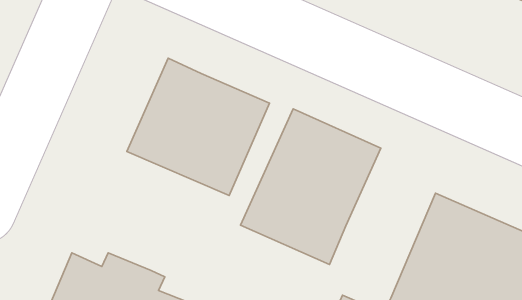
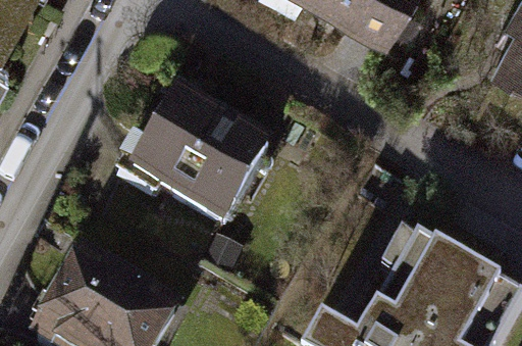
building: [240,109,381,264] -> none

